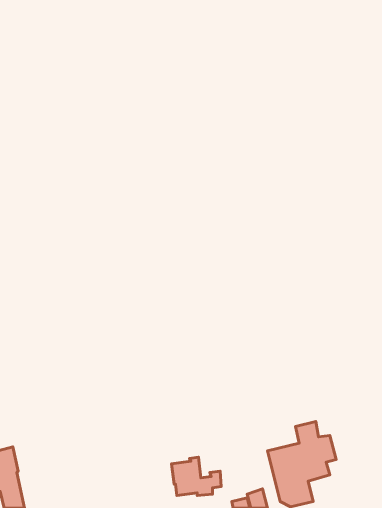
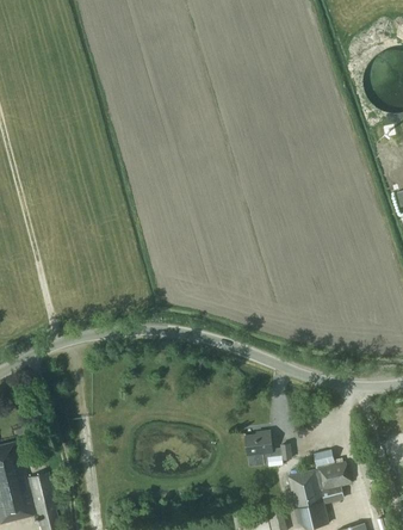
building: [172,457,221,496] -> [244,430,291,466]

